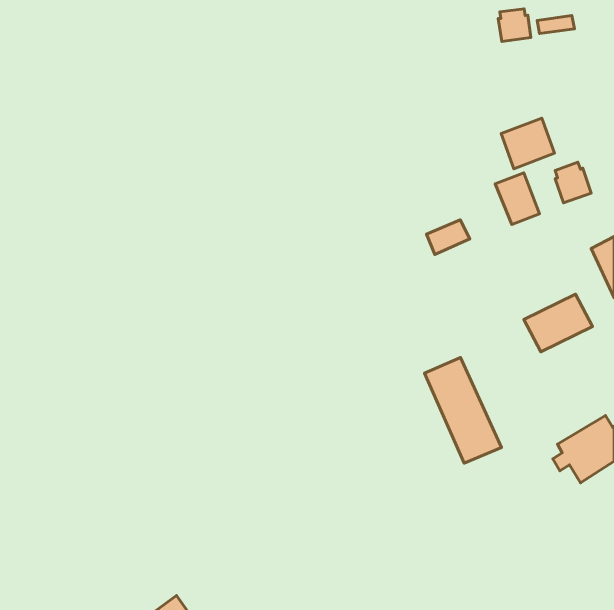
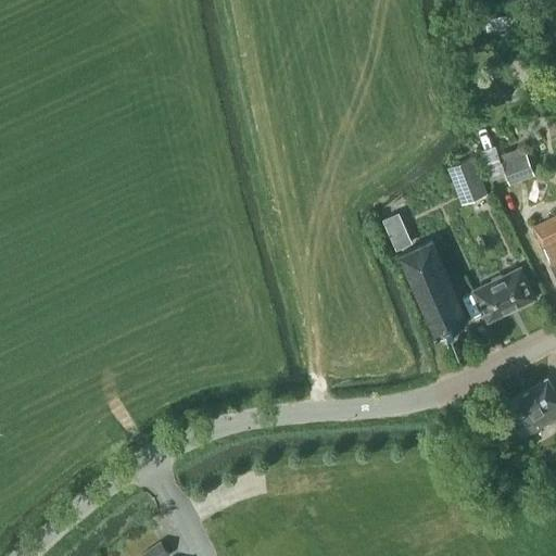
building: [498,9,531,42] -> none
building: [501,118,555,169] -> none
building: [425,358,501,463] -> [400,242,469,338]

